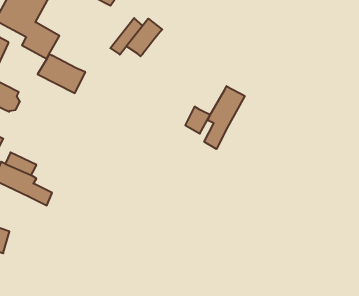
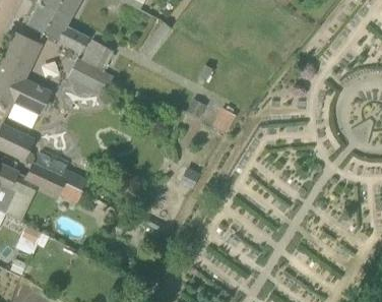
building: [126,19,162,56] -> none
building: none -> [81,39,114,70]
building: [204,86,245,149] -> none

